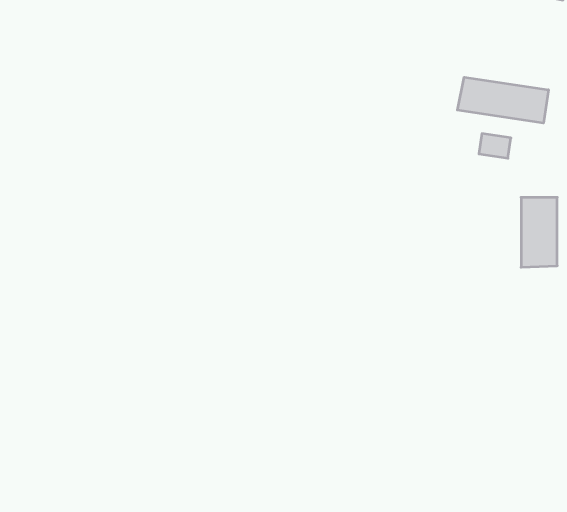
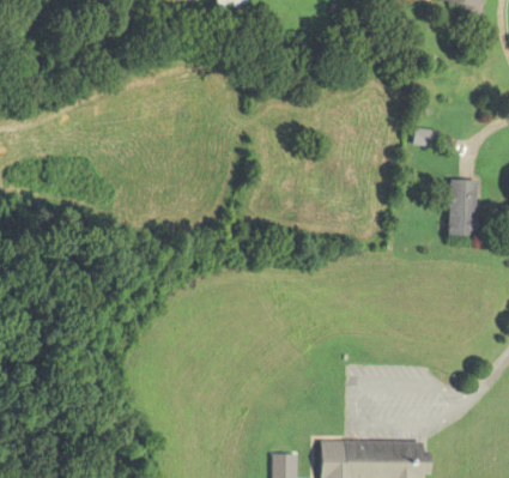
building: [457,77,548,123] -> none

